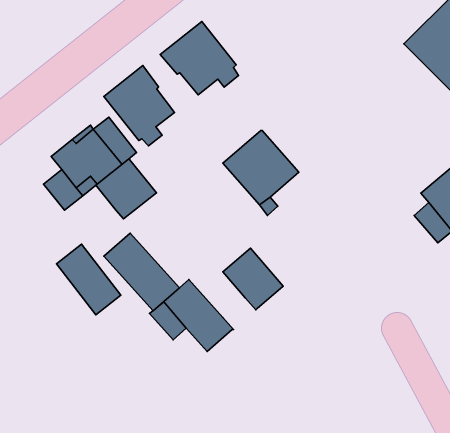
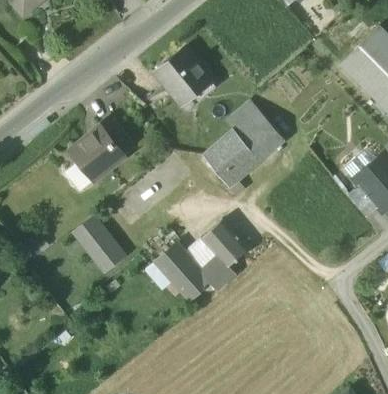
building: [104,65,175,146] -> none
building: none -> [226,103,284,162]
building: [96,159,156,219] -> none
building: [104,233,179,311] -> none
building: none -> [202,258,235,291]

